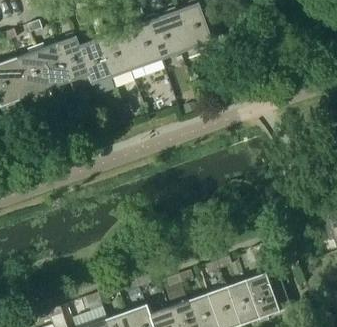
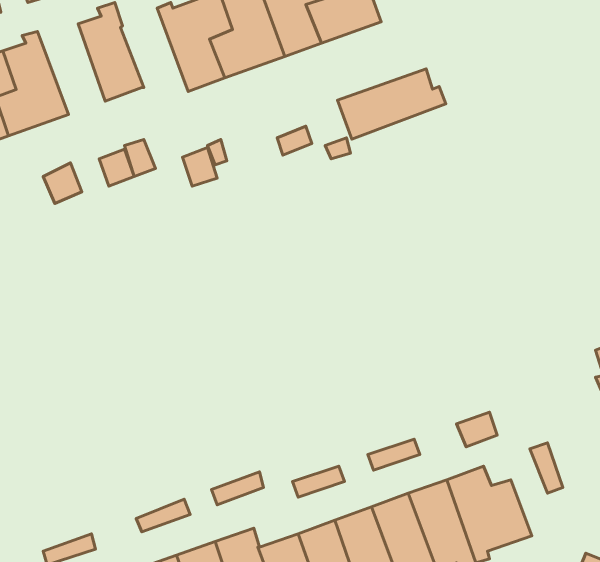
building: [77,34,112,85] -> none
building: [34,42,69,89] -> none
building: none -> [337,69,446,139]

